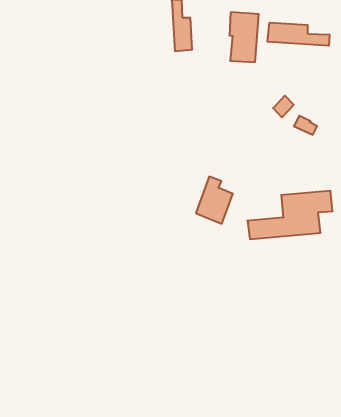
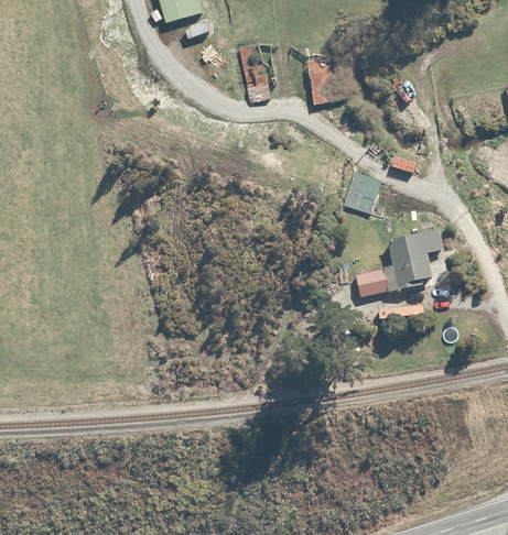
building: [267,23,330,46] -> none
building: [196,177,233,224] -> [343,163,380,212]

